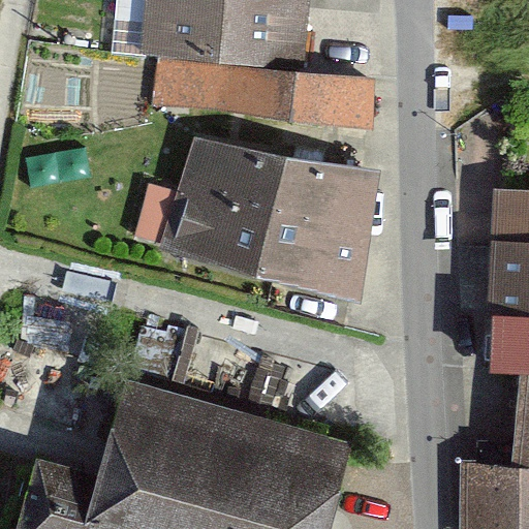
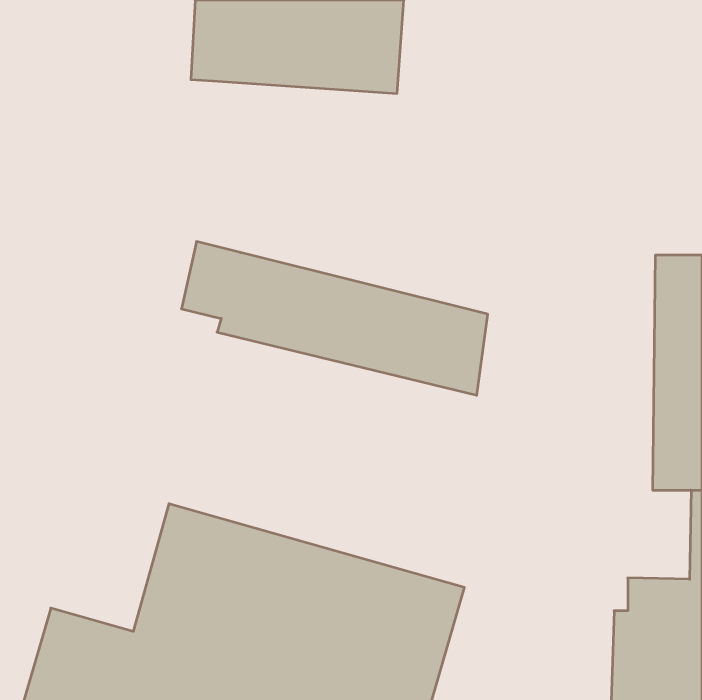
building: [157,62,370,121] -> none
building: [181,139,376,238] -> none

